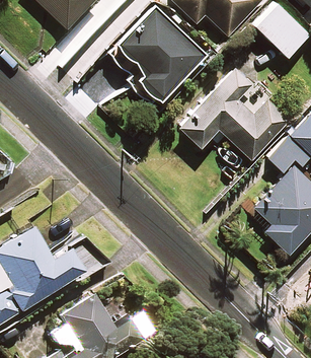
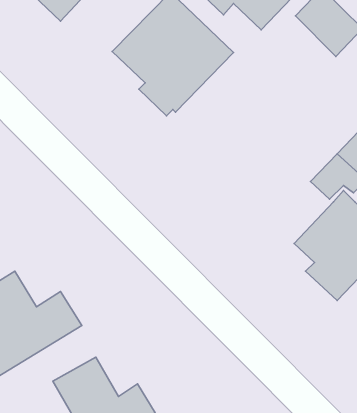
building: [180,66,288,160] -> none

